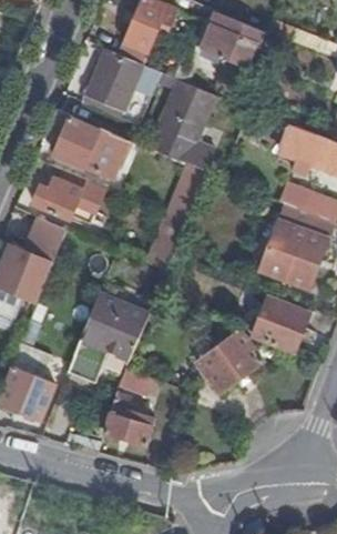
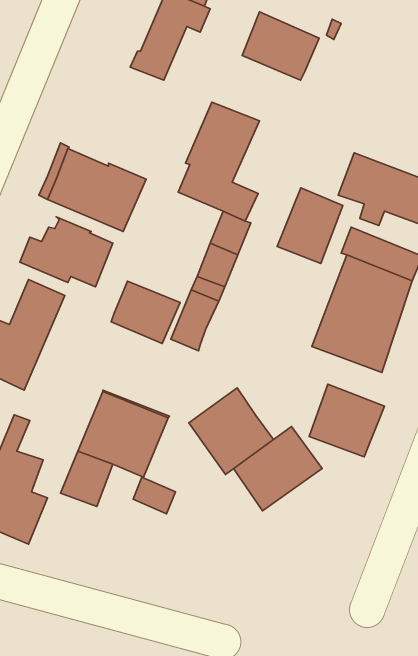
building: [86,49,142,111] -> none
building: none -> [277,188,343,264]
building: none -> [111,281,180,343]
building: none -> [189,388,274,474]
building: [104,393,153,444] -> none

